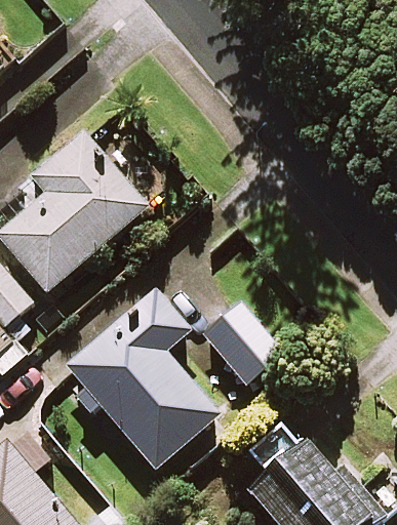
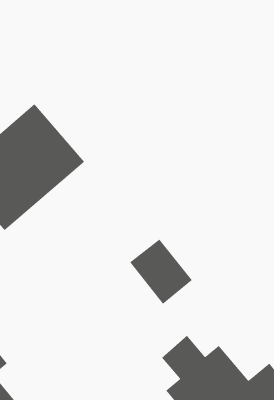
building: [70,291,217,467] -> none

